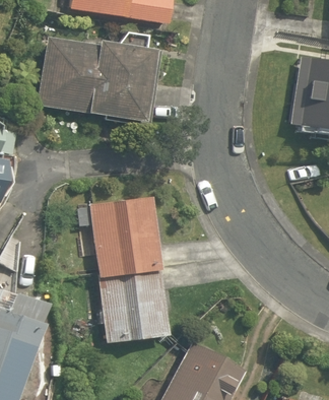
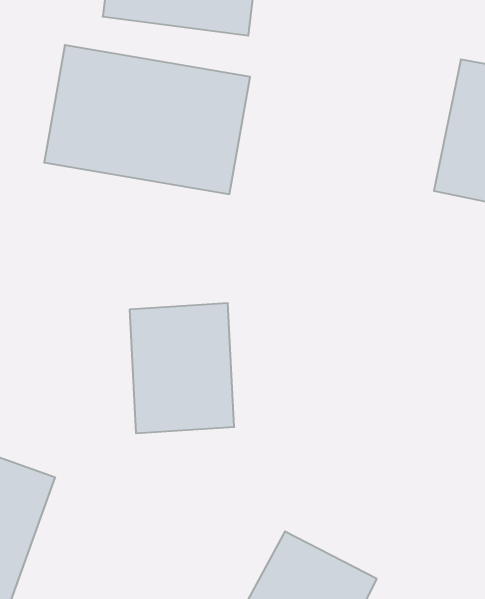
building: [98,274,166,339] -> none

